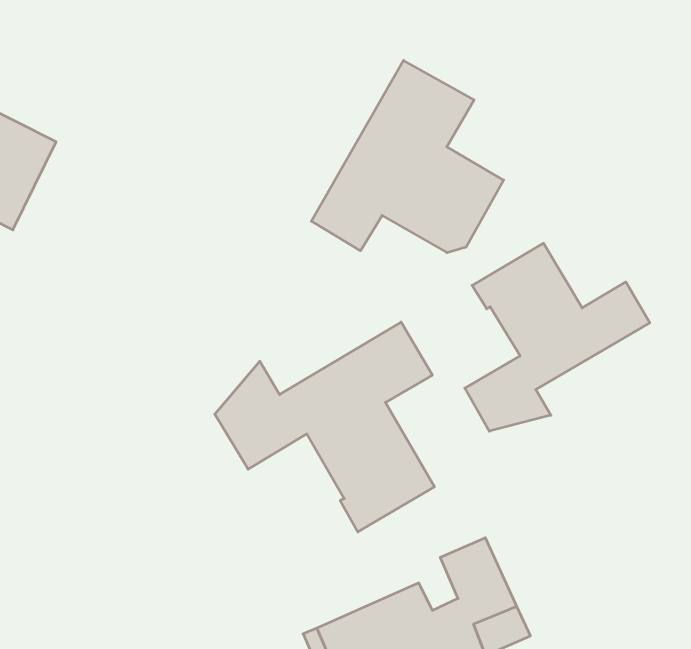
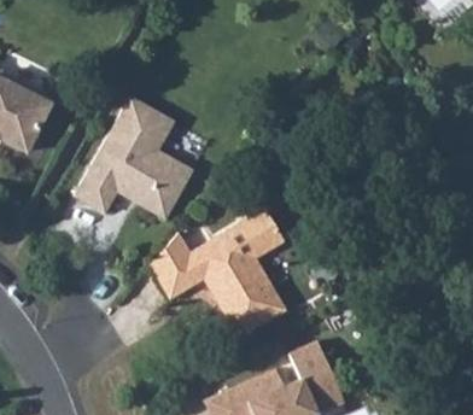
building: [311,60,504,253] -> [74,97,192,215]
building: [465,243,650,431] -> none

